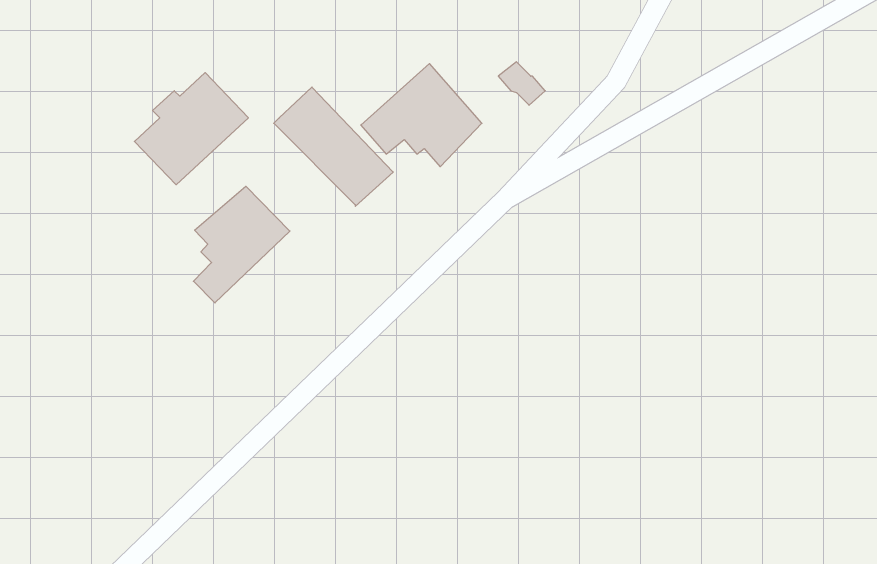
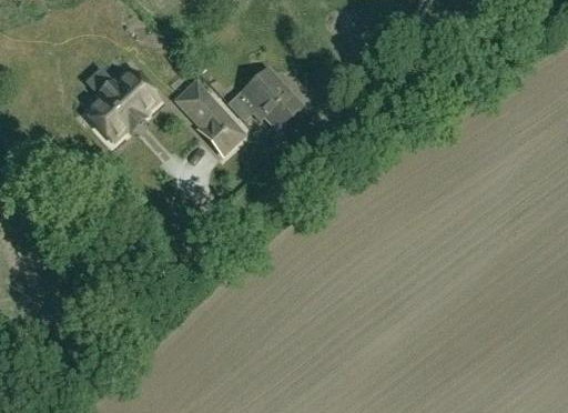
building: [193,186,290,303] -> none

